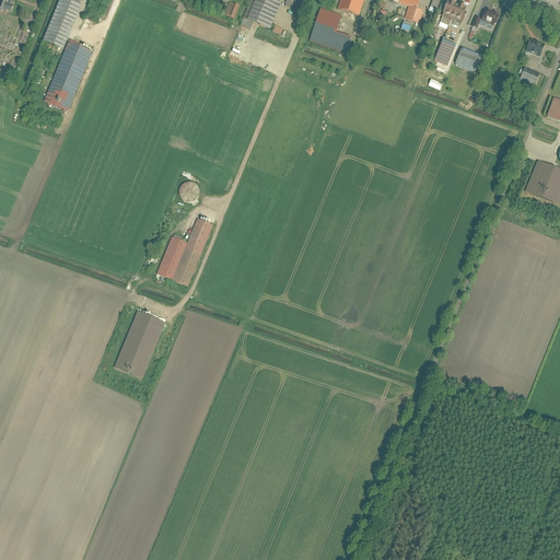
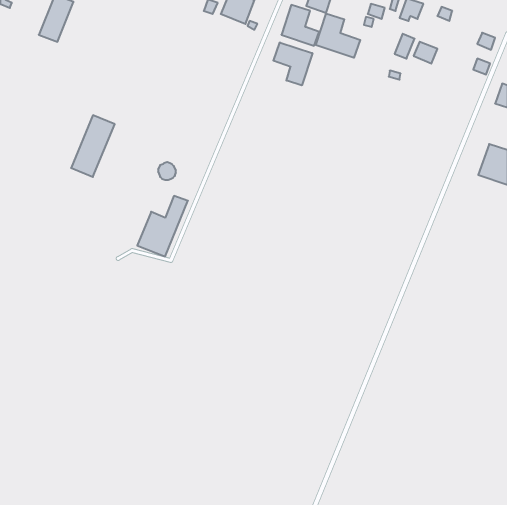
building: none -> [316,14,360,58]
building: [45,39,93,107] -> [71,115,115,177]
building: none -> [273,42,312,85]
building: [116,311,164,377] -> none

